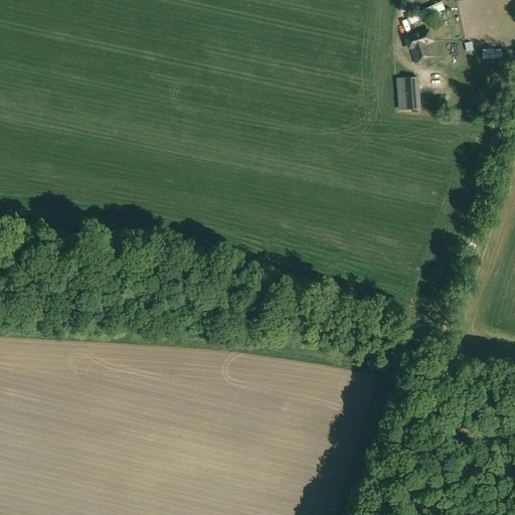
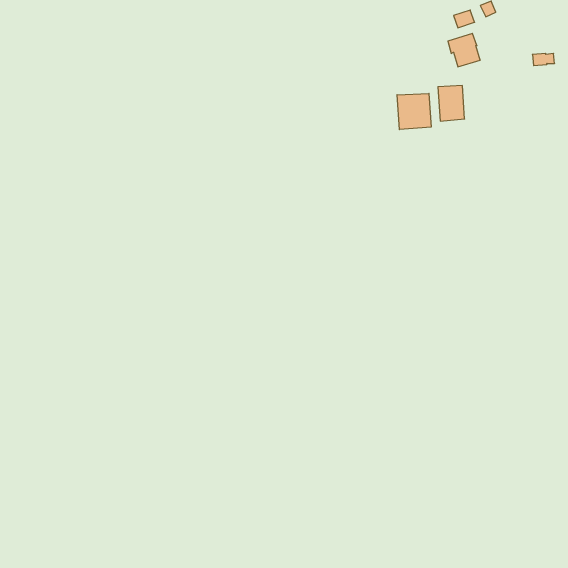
building: none -> [397,93,431,130]

